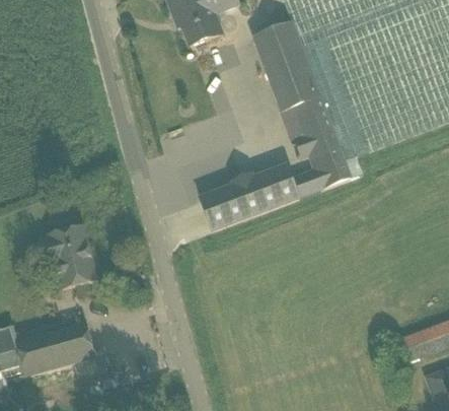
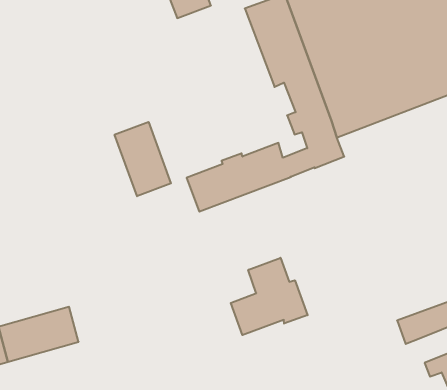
building: none -> [115,122,171,196]
building: [40,225,97,290] -> none
building: none -> [231,258,308,335]

